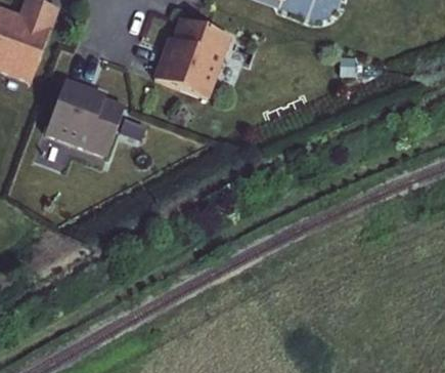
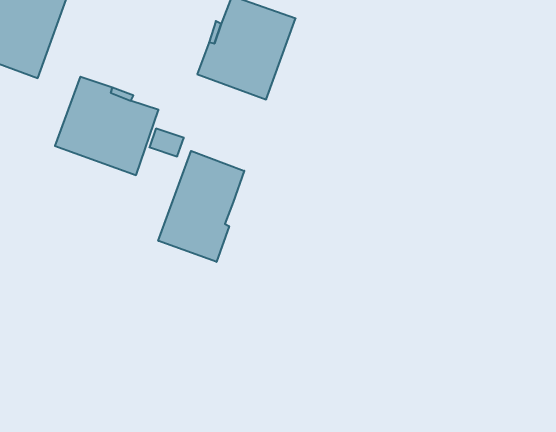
building: none -> [158,151,244,262]

